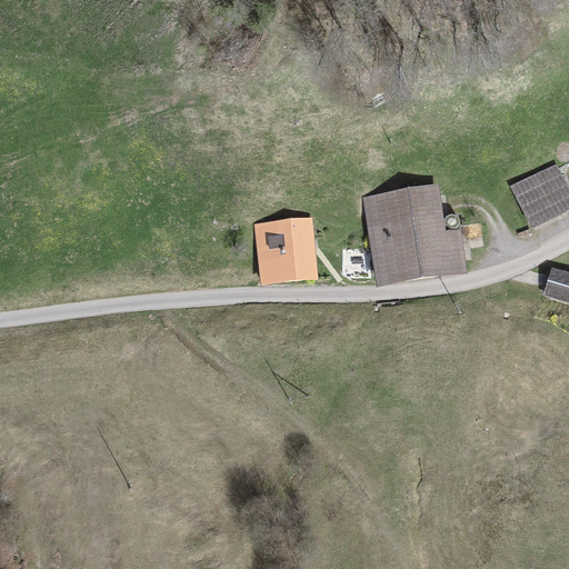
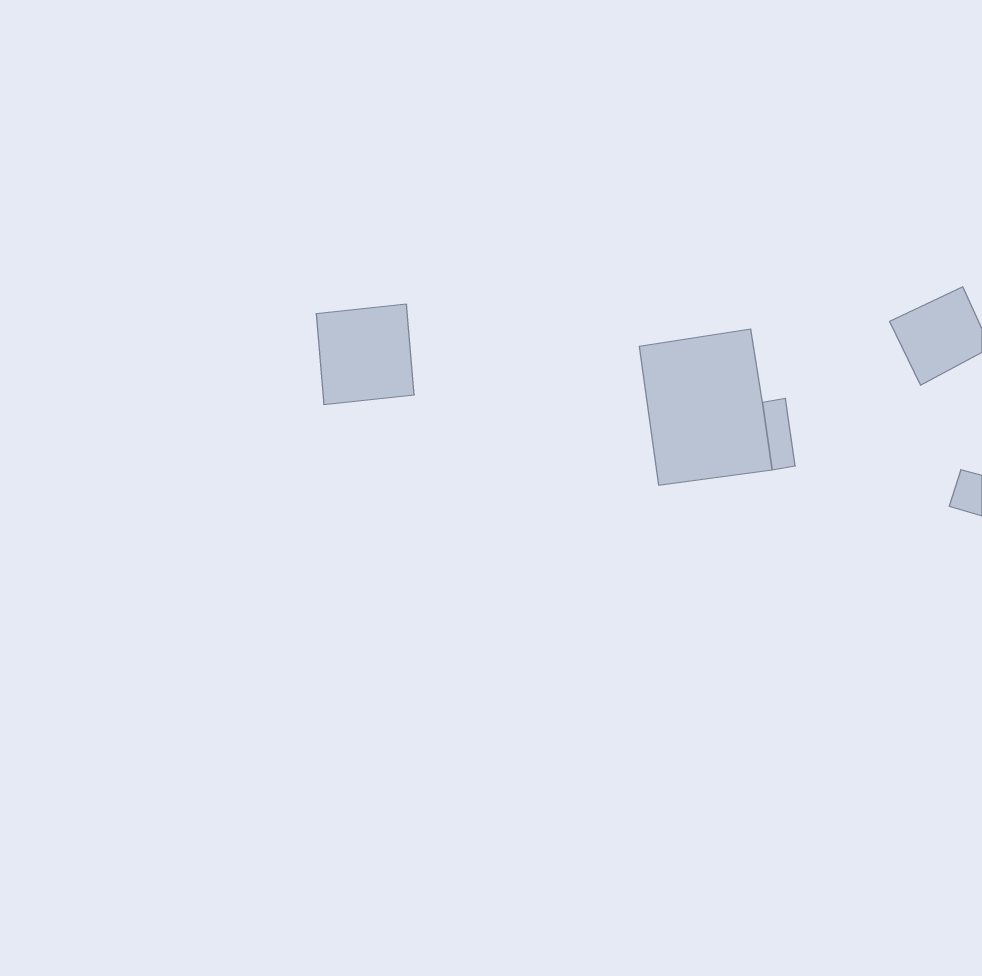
building: [257,221,313,279] -> [316,304,414,404]

